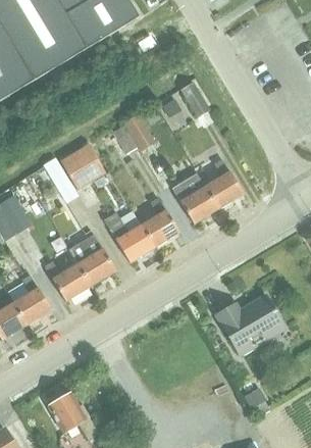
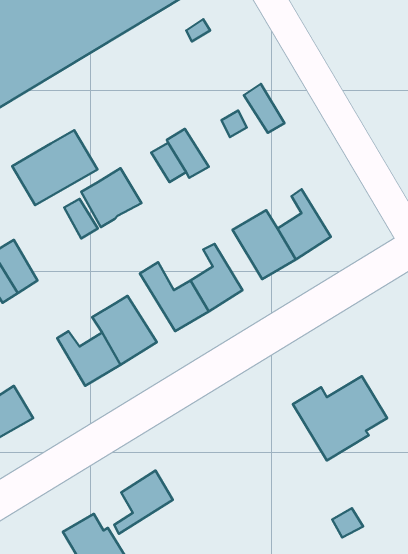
building: none -> [12,130,97,205]
building: [12,275,51,325] -> none
building: none -> [114,470,173,534]

